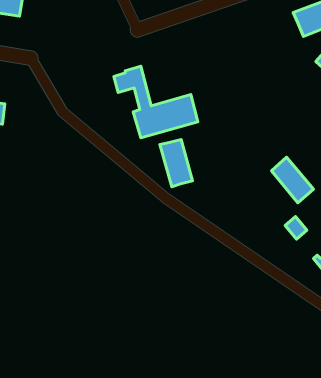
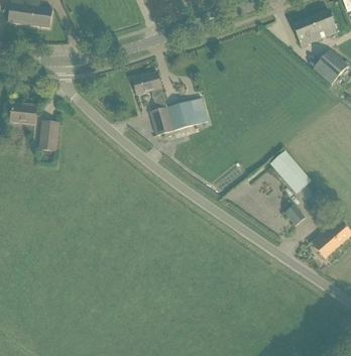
building: none -> [39,121,60,150]
building: [160,140,192,187] -> none

